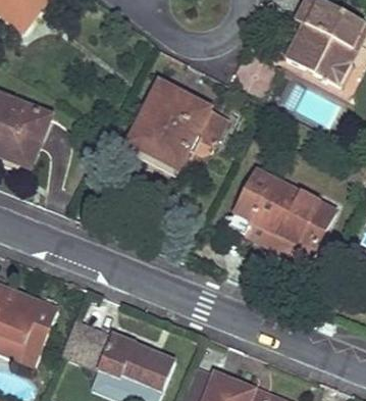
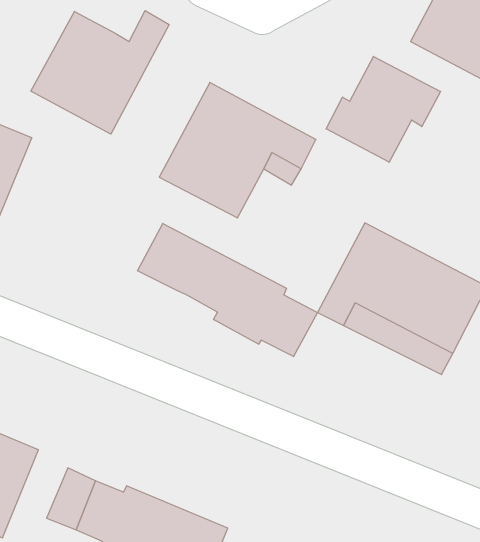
building: none -> [31,11,169,134]
building: none -> [326,56,441,162]
building: none -> [137,223,318,357]

